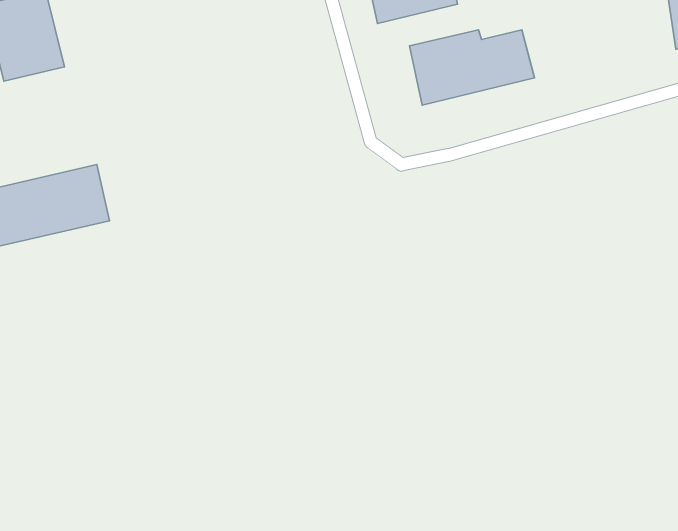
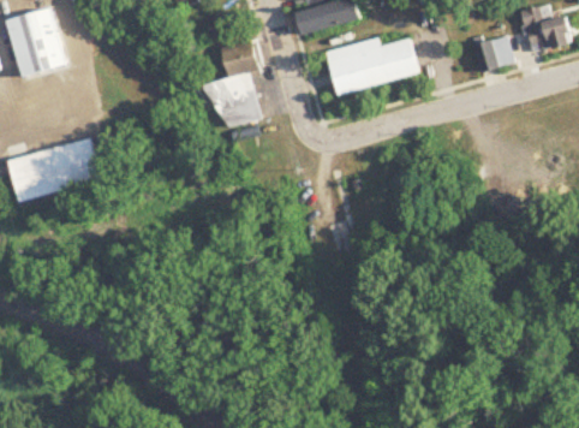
building: none -> [471,35,512,71]
building: none -> [207,38,264,141]

